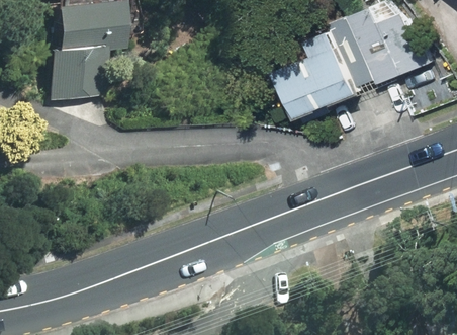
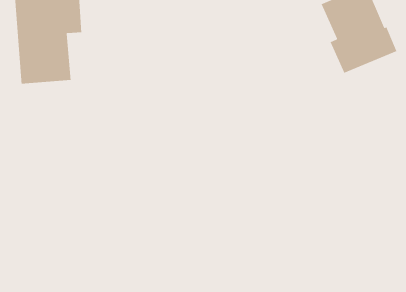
building: [281,25,366,117] -> none

